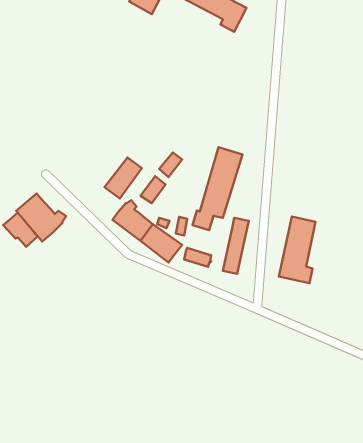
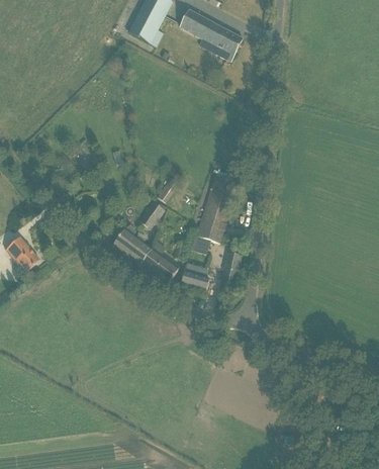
building: [104,158,142,199] -> none
building: [16,194,66,241] -> none
building: [279,216,315,283] -> none

